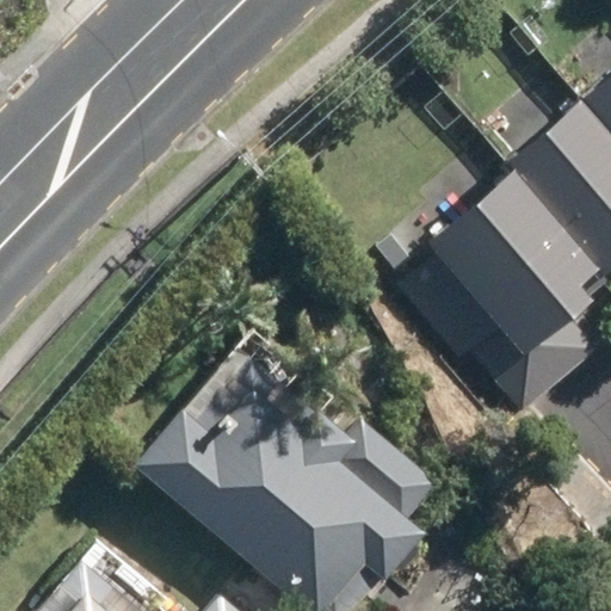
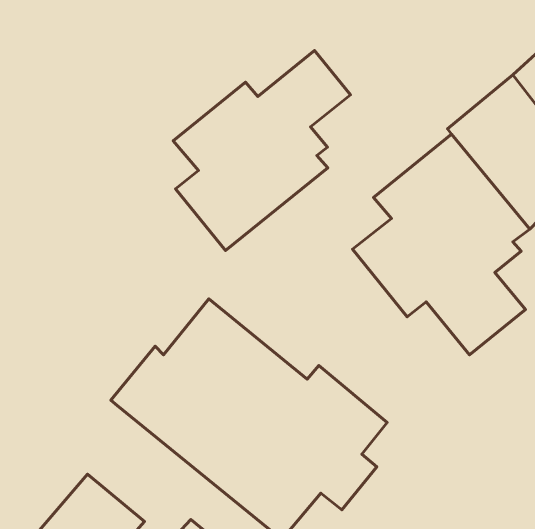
building: none -> [173,51,350,250]

